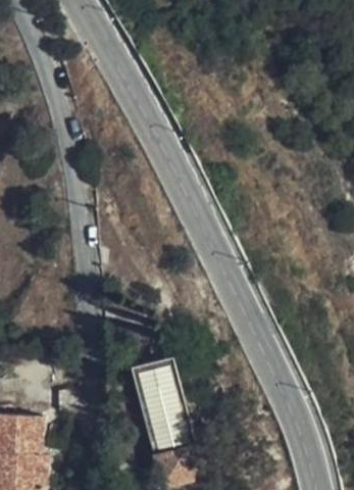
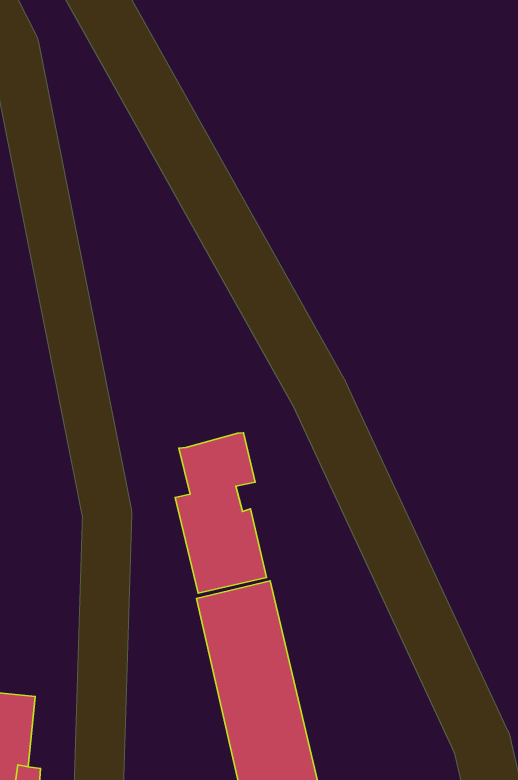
building: none -> [175,433,267,593]

